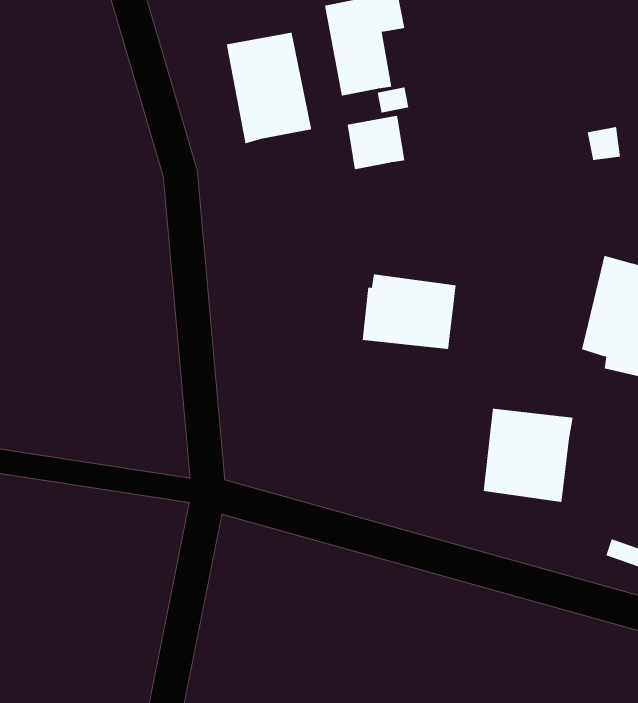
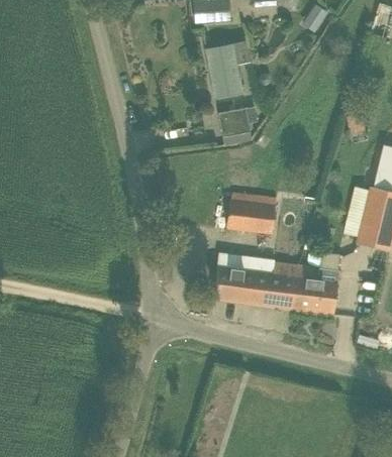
building: [226,32,312,144] -> none
building: none -> [213,260,296,308]

